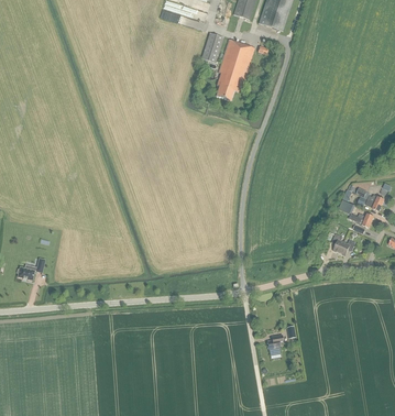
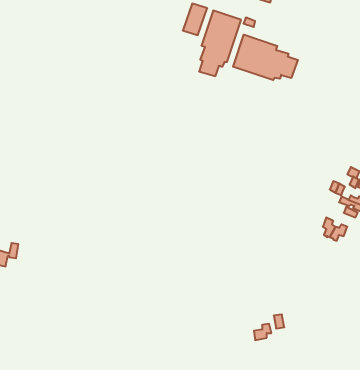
building: none -> [233,35,298,80]

